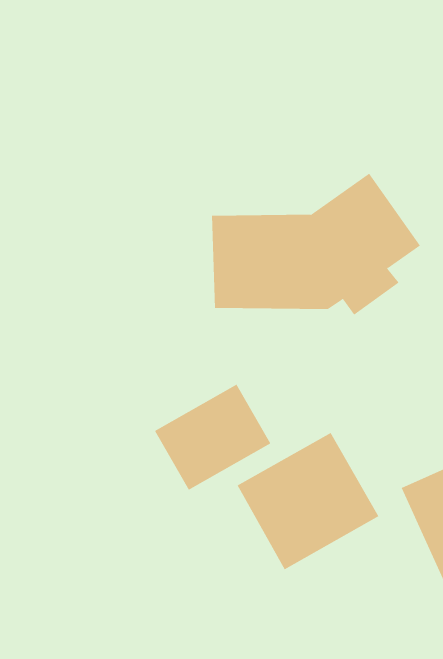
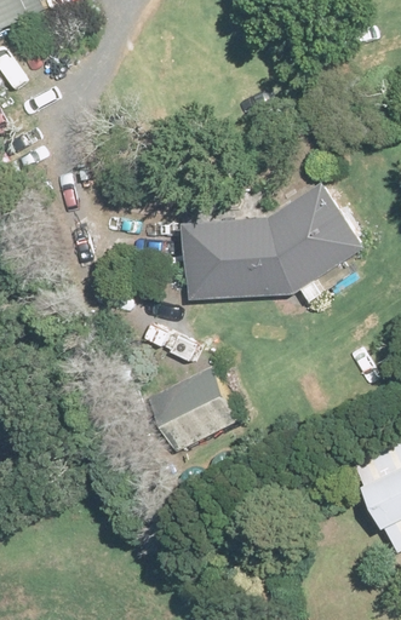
building: [237,432,379,570] -> none

